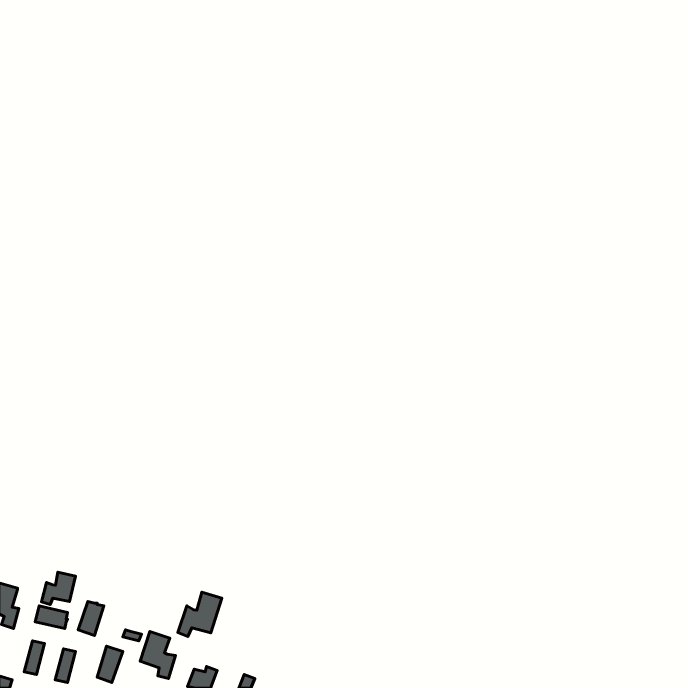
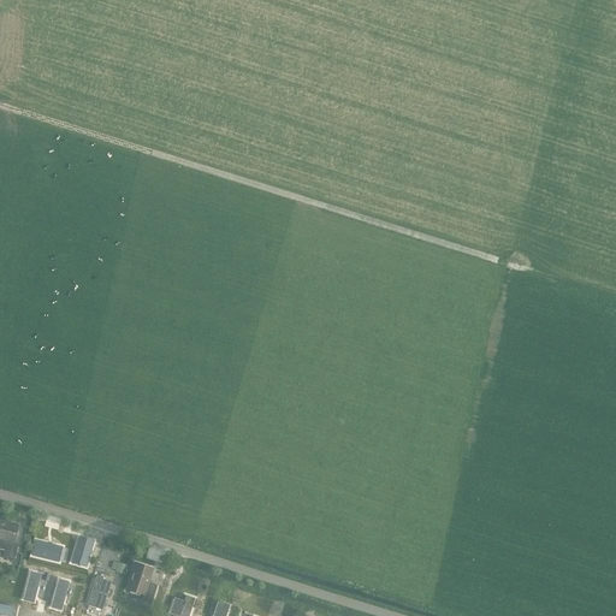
building: [41,572,75,605] -> none
building: [178,592,222,637] -> none

